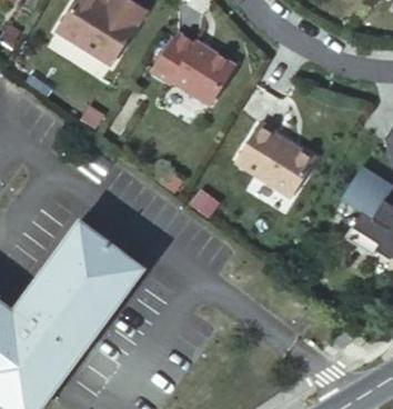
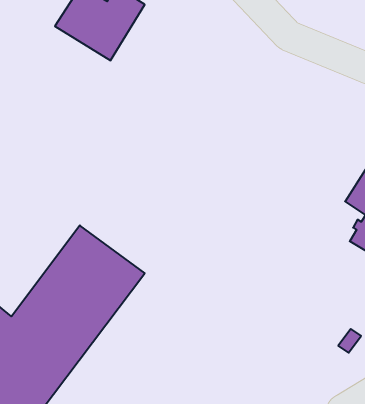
building: [152,31,233,103] -> none
building: [235,120,314,194] -> none

